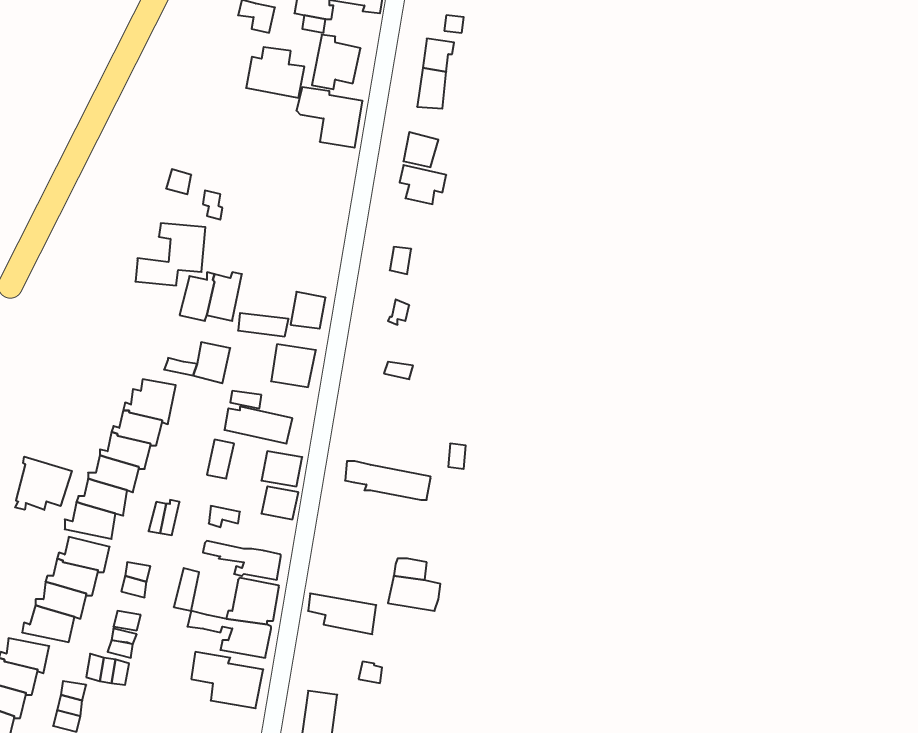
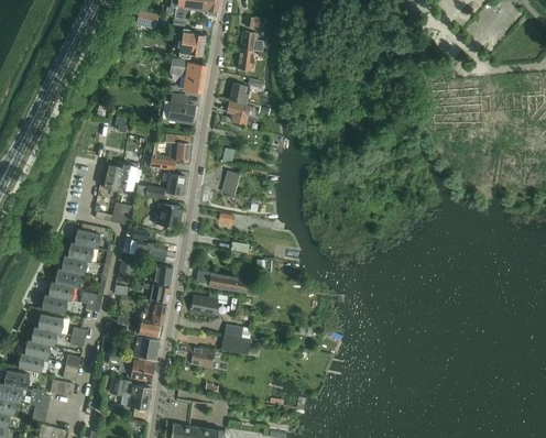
building: [246,47,304,98] -> [163,95,196,123]
building: [135,223,205,285] -> [151,134,190,169]
building: [15,457,72,510] -> none
building: none -> [192,294,228,315]
building: none -> [140,299,167,322]

